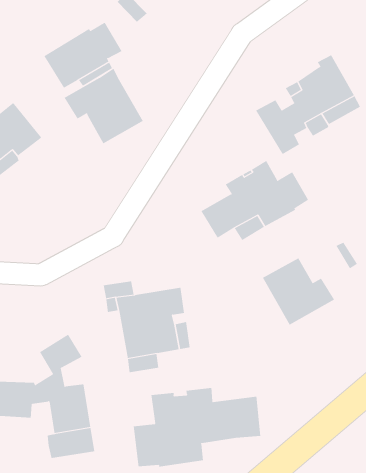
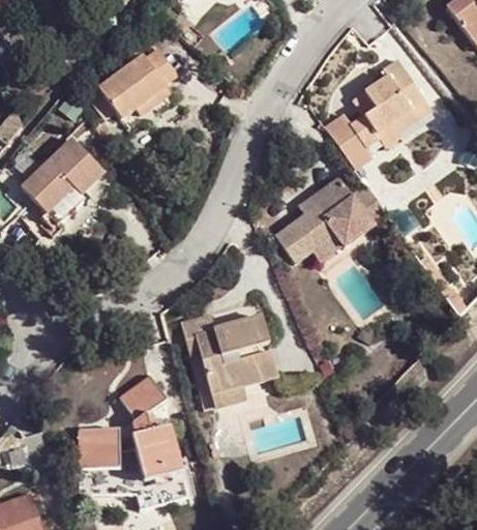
building: [64,68,143,144] -> none
building: [262,257,335,326] -> none
building: [133,387,261,467] -> none

